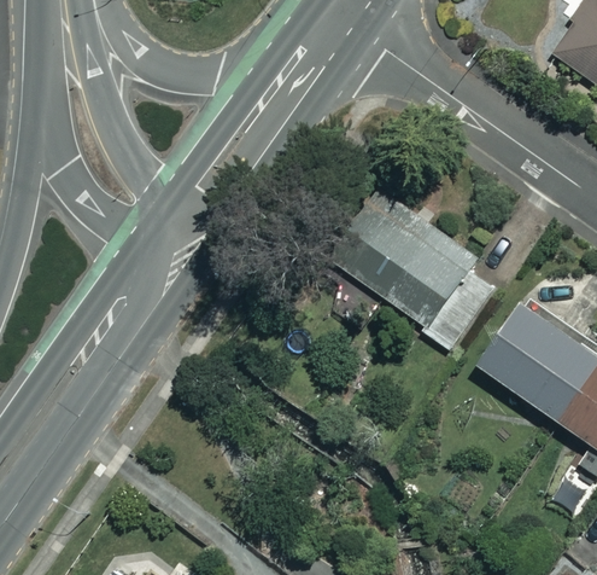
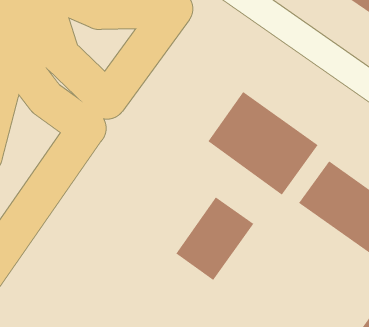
building: none -> [176,196,254,281]

